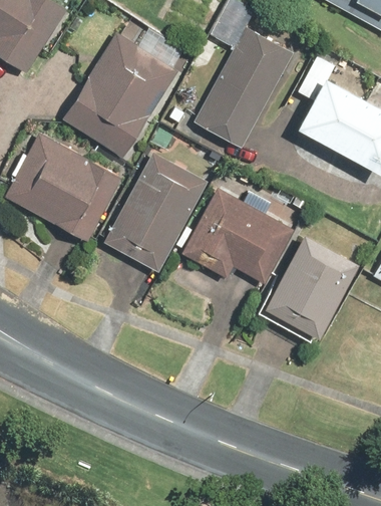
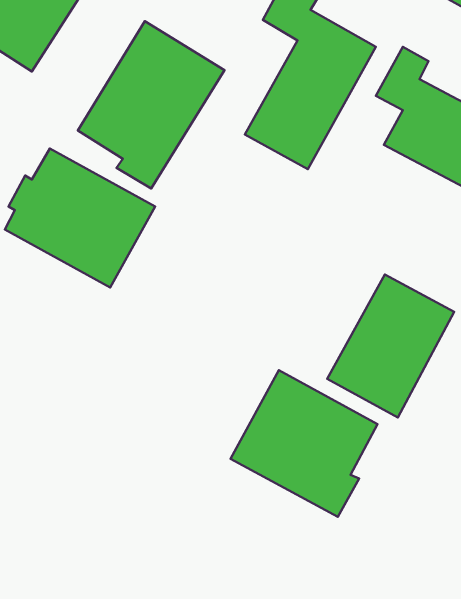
building: [104,152,206,270] -> none
building: [182,189,295,283] -> none
building: none -> [230,370,377,517]

